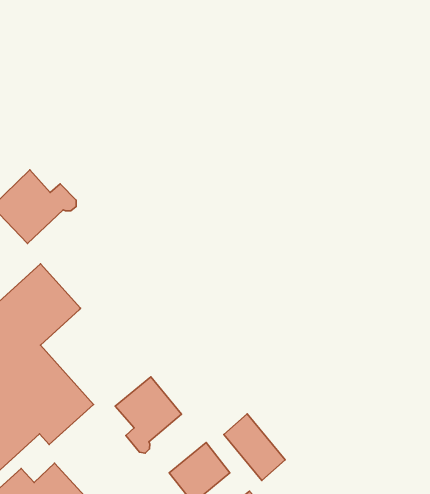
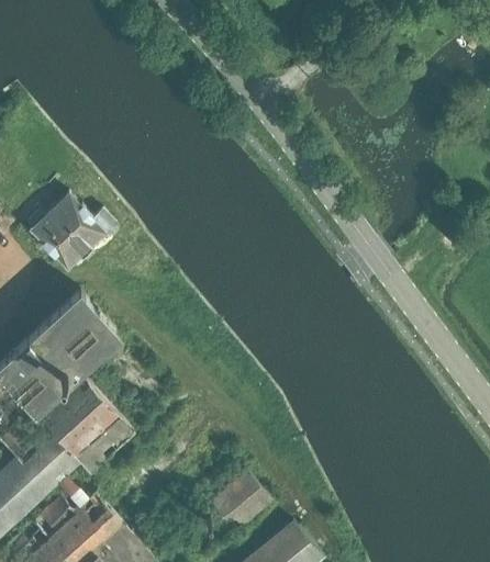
building: [115,377,181,453] -> none
building: [224,414,285,480] -> none

